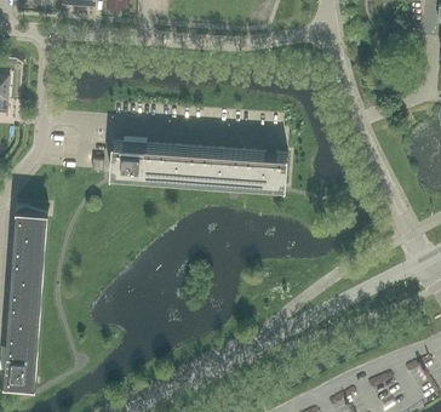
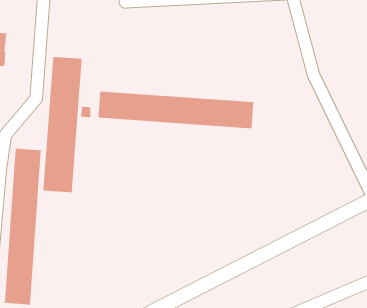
building: none -> [43,56,83,193]

